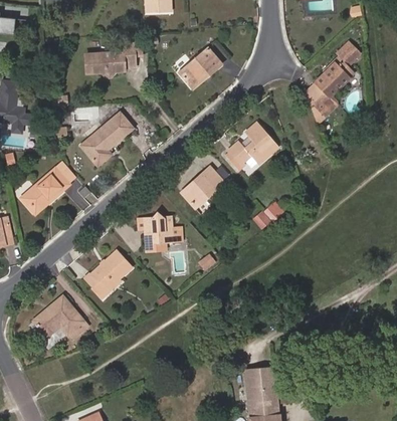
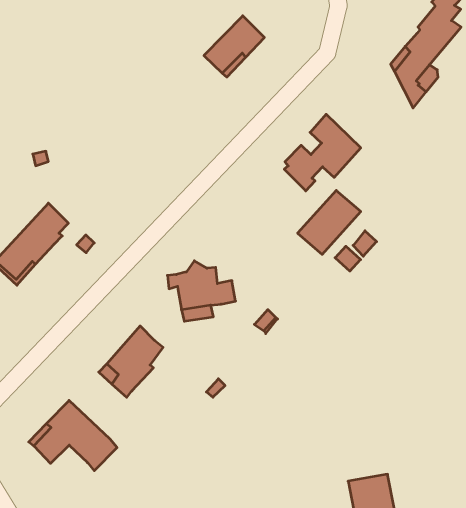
building: [88,43,134,79] -> none
building: [80,114,132,165] -> none
building: [180,167,224,209] -> [298,190,361,254]

